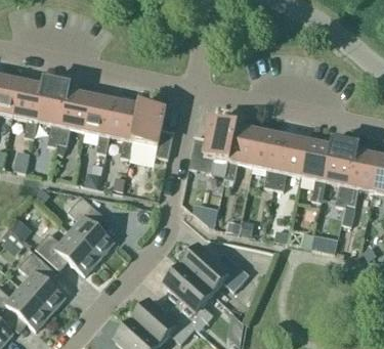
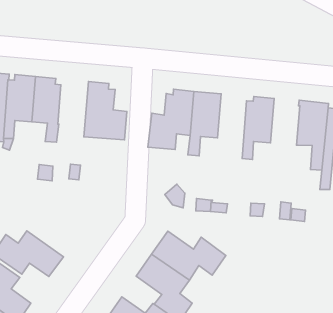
building: [109,95,141,158] -> none
building: [253,126,284,187] -> none
building: [301,136,332,202] -> none
building: [68,195,114,258] -> none

